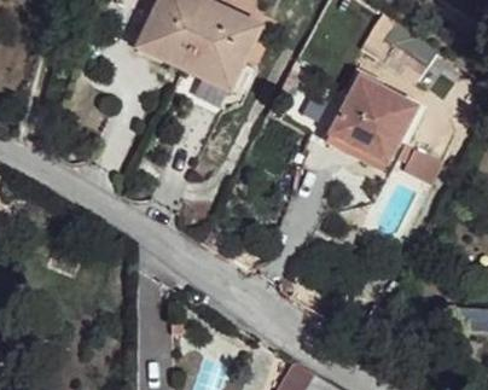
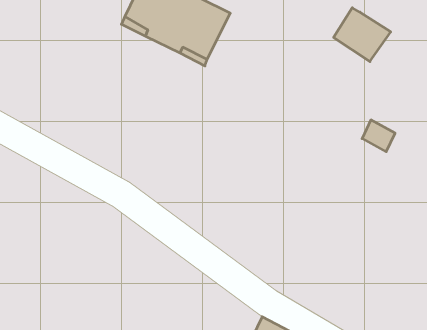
building: [330,72,417,158] -> none

